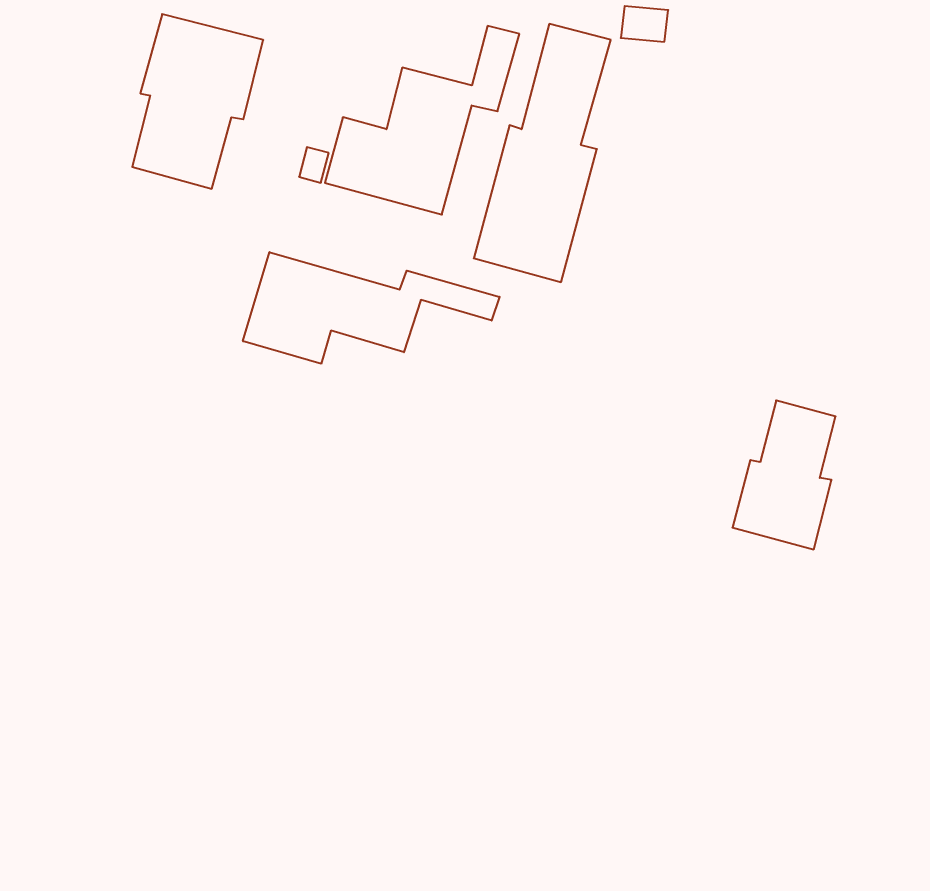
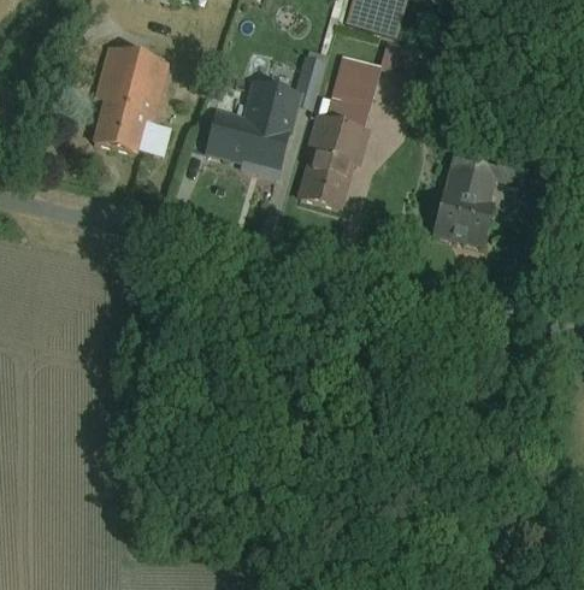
building: [243,252,500,364] -> none
building: [732,400,836,549] -> [432,154,495,244]

